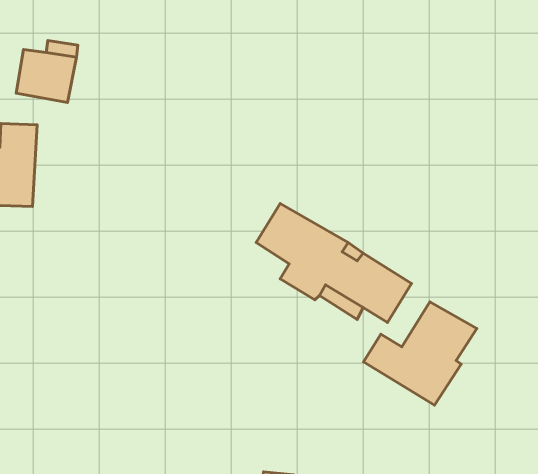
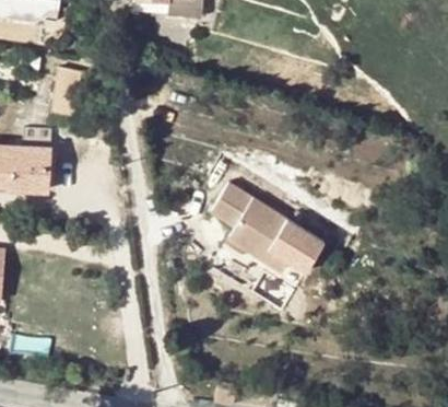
building: [363,302,477,405] -> none

